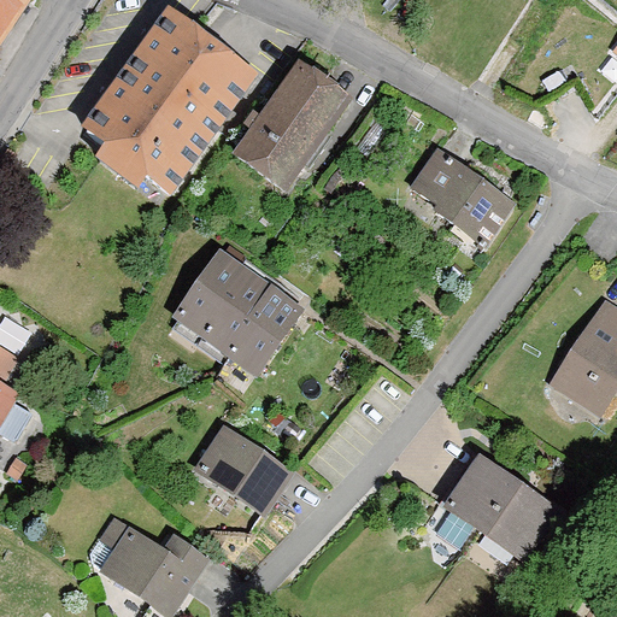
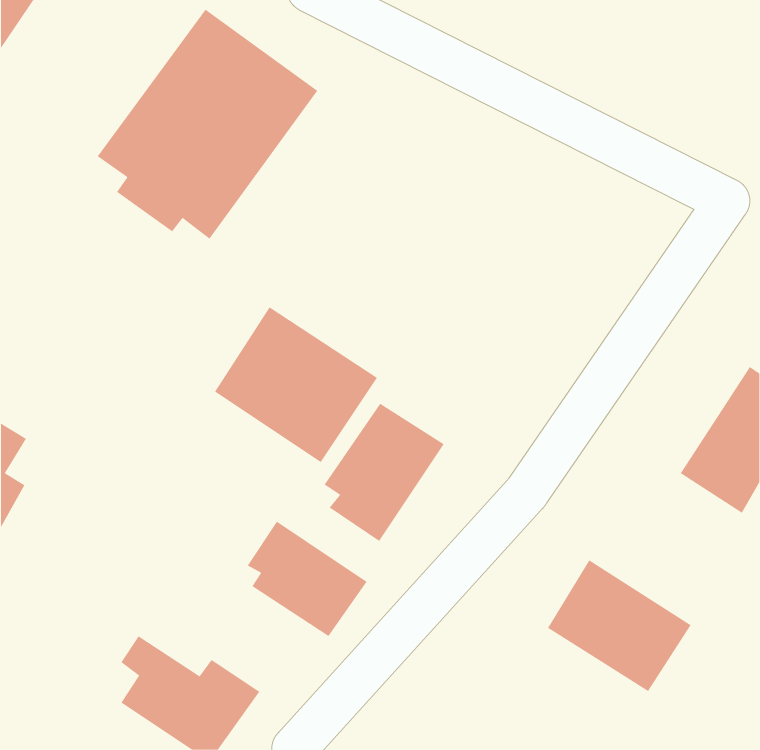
building: [233,60,353,190] -> none
building: [409,146,519,242] -> none
building: none -> [324,403,444,542]

